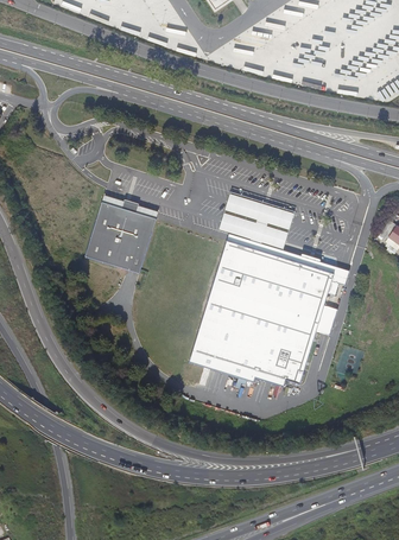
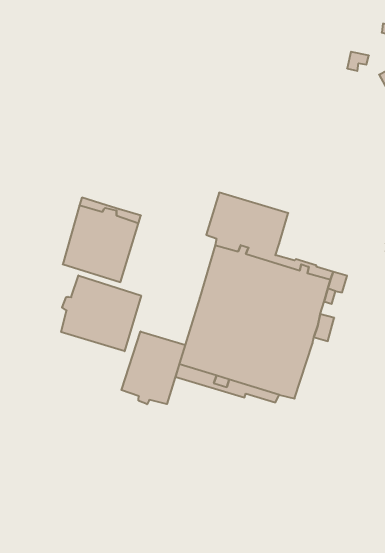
building: none -> [61,275,141,351]
building: none -> [121,331,185,404]

